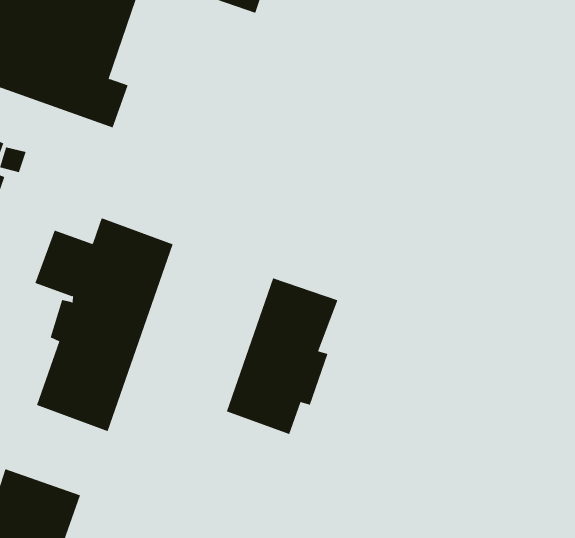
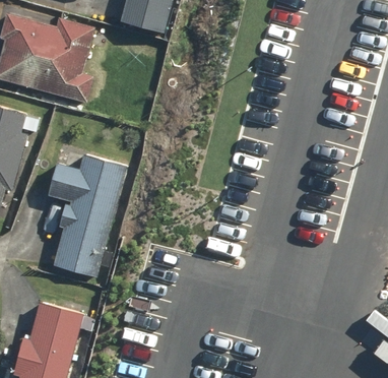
building: [226,277,338,435] -> none

